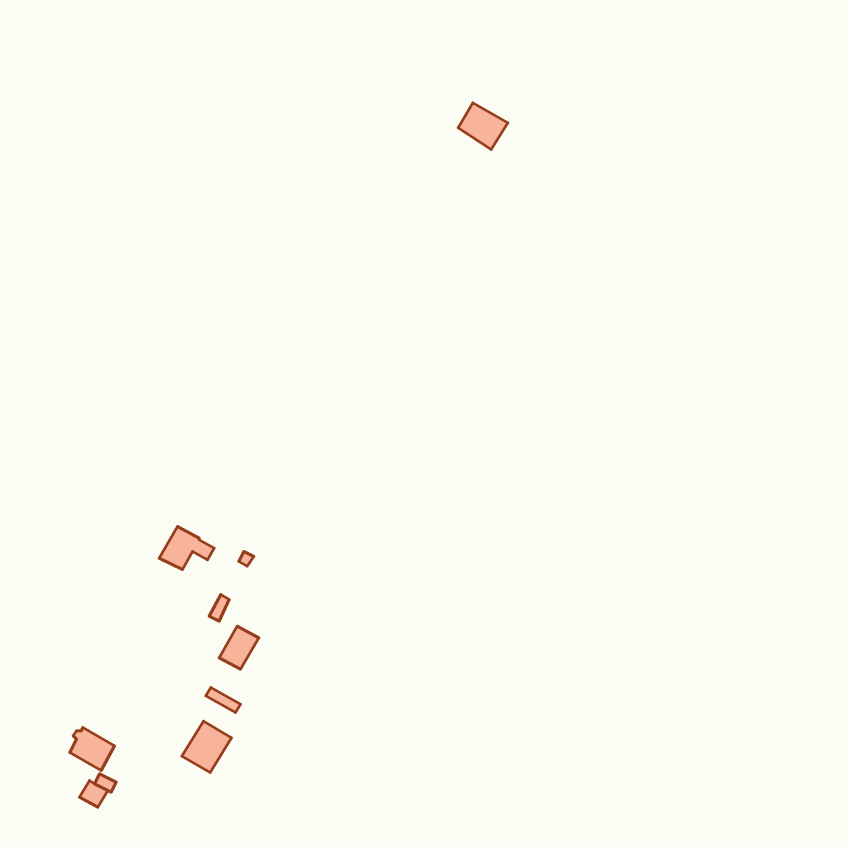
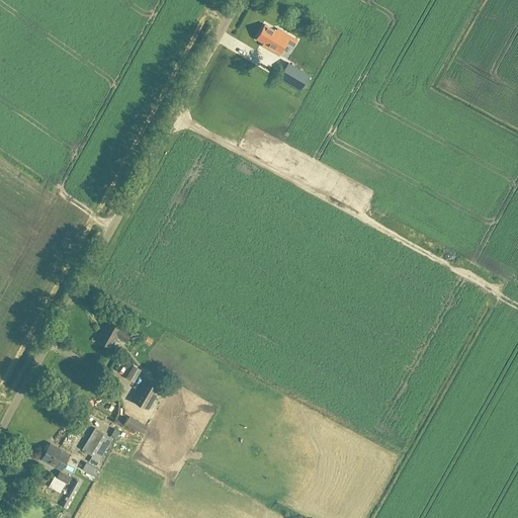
building: none -> [257,25,289,55]
building: [182,721,232,773] -> [82,429,112,460]

